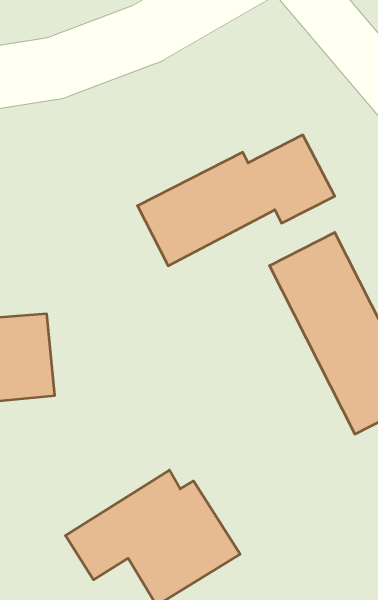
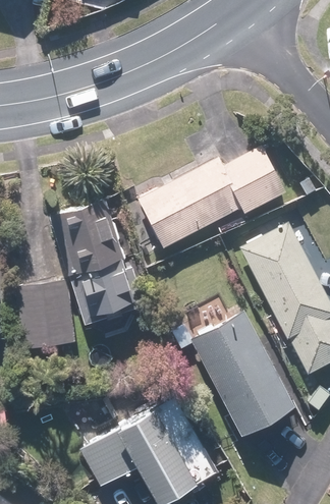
building: none -> [48,198,138,322]
building: none -> [191,314,293,435]

